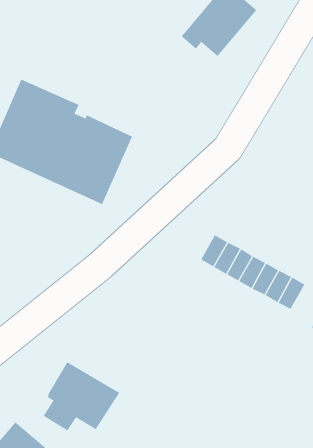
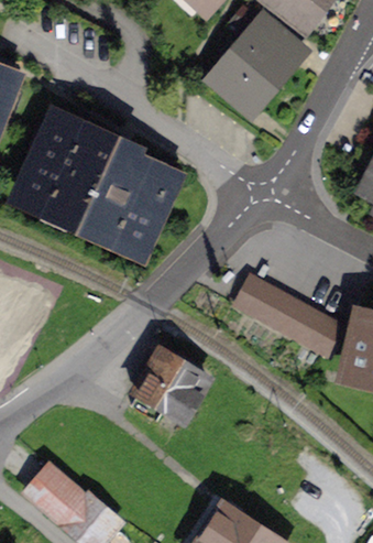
building: [43,361,120,431] -> [131,349,209,420]

